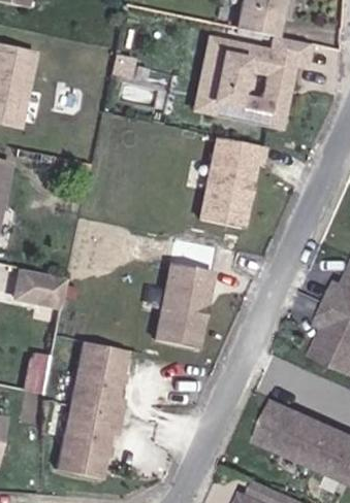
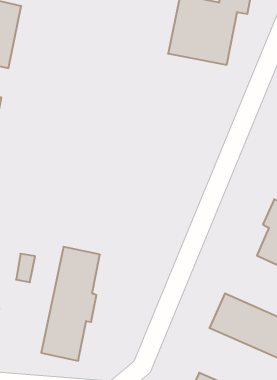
building: [199,136,262,227] -> none
building: [156,262,212,347] -> none
building: [17,269,67,306] -> none

